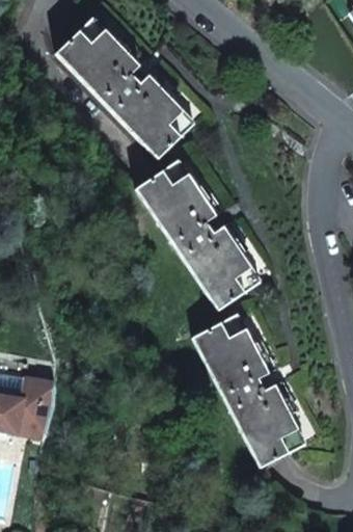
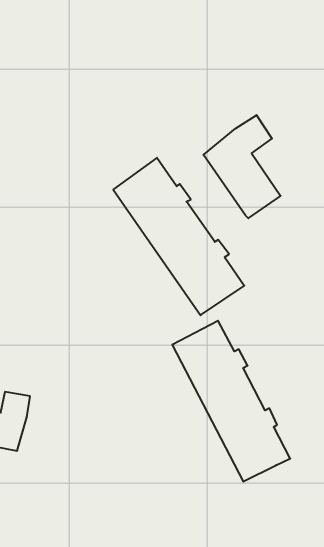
building: [54,17,192,157] -> none
building: none -> [203,115,281,218]

